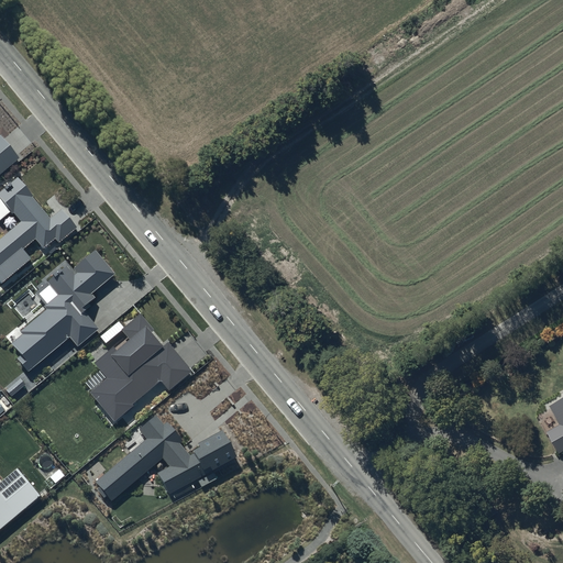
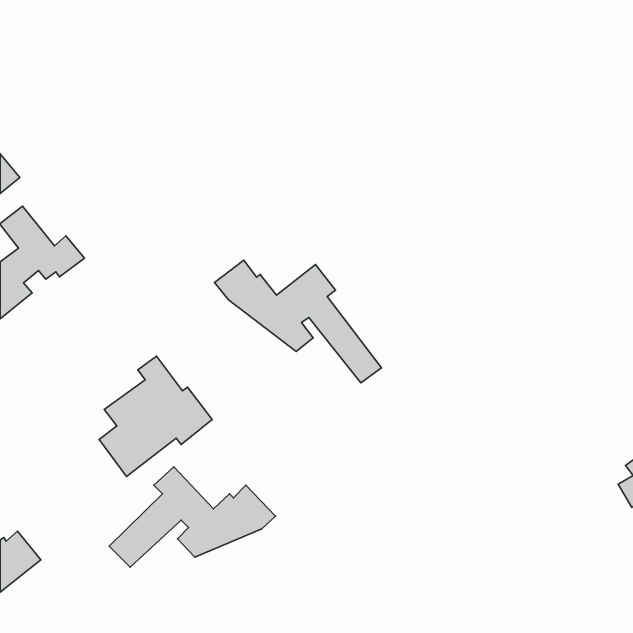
building: none -> [215,260,381,383]
building: [5,249,113,371] -> none

